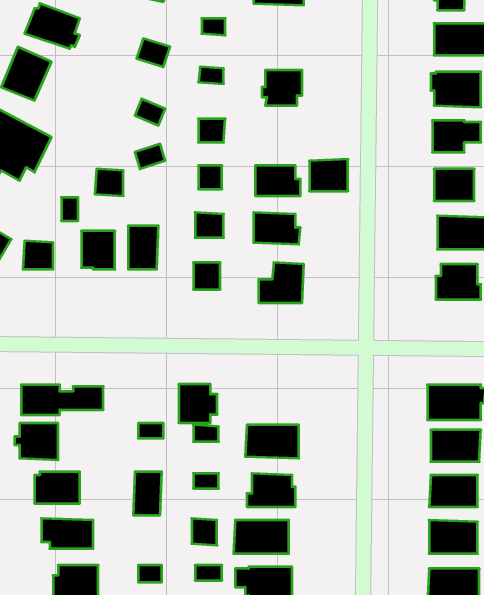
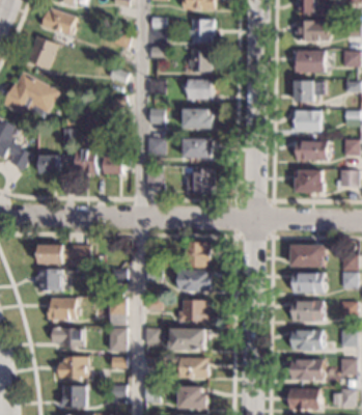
building: none -> [189,20,214,42]
building: [309,159,348,191] -> [187,79,211,99]
building: [179,384,217,423] -> [186,243,210,267]
building: none -> [108,328,126,351]

